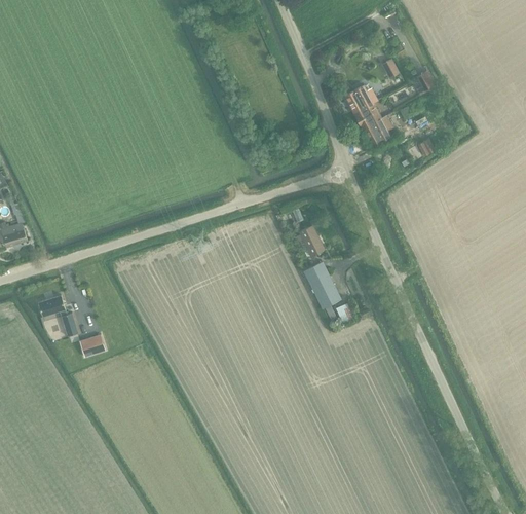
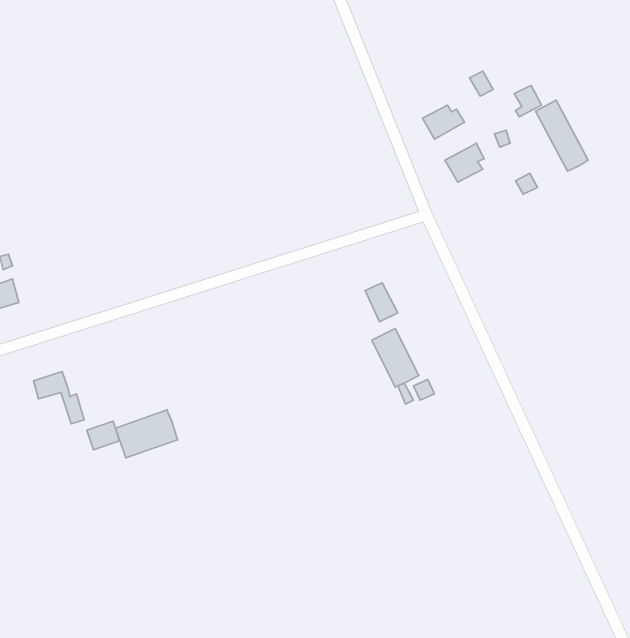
building: none -> [535,100,588,171]
building: [352,99,380,128] -> none
building: none -> [115,410,178,458]

